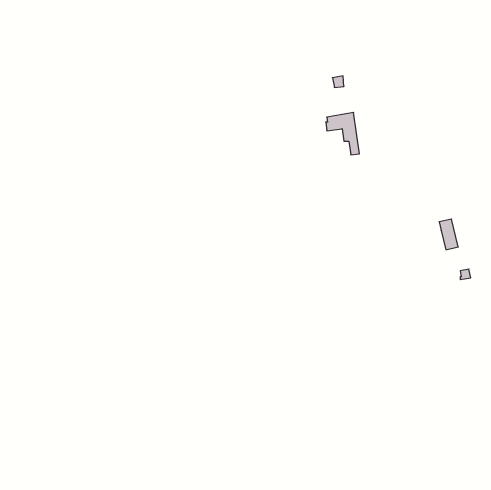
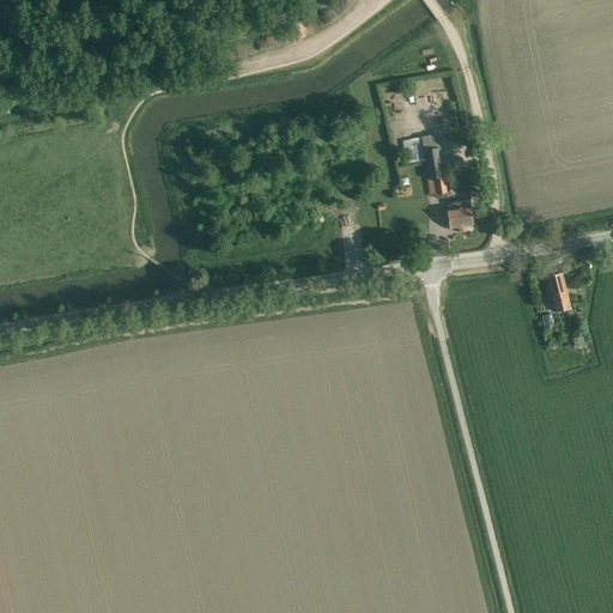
building: none -> [448,199,474,231]

